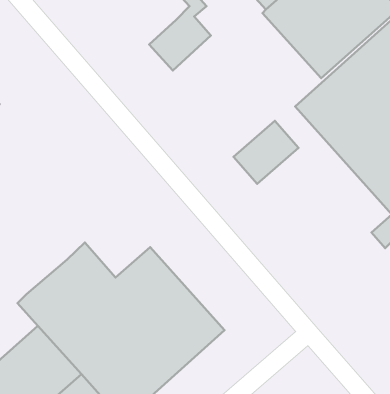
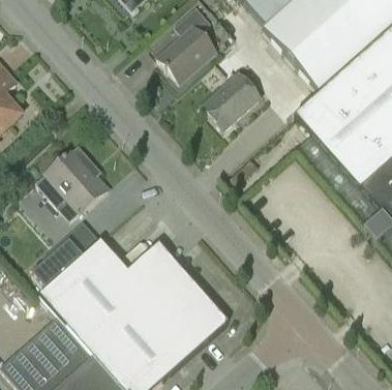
building: [233,121,299,184] -> [202,71,262,129]
building: none -> [36,150,109,212]
building: none -> [33,238,84,287]

